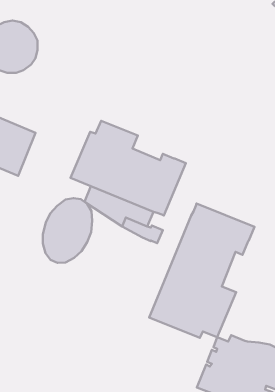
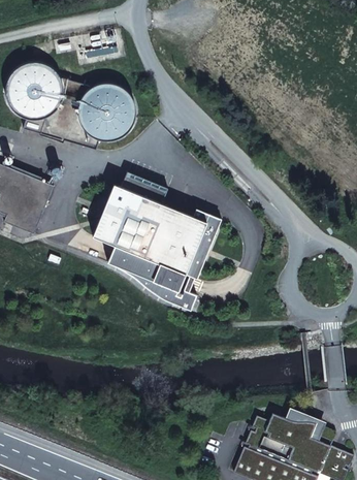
building: none -> [71,83,127,138]
building: [43,198,92,263] -> none
building: [149,204,254,338] -> none

